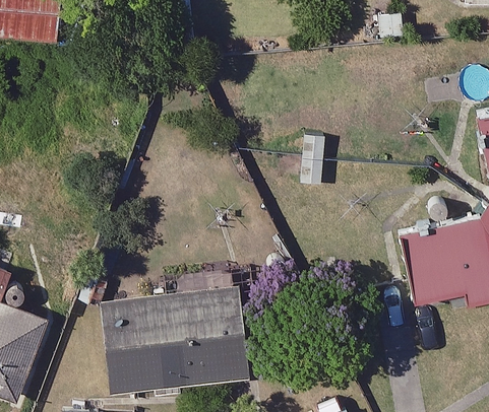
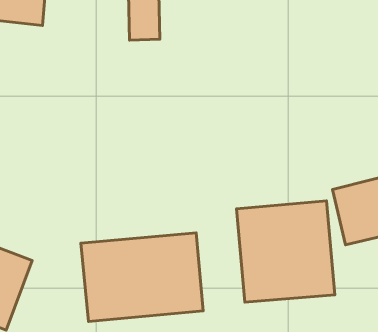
building: none -> [236,201,335,302]

